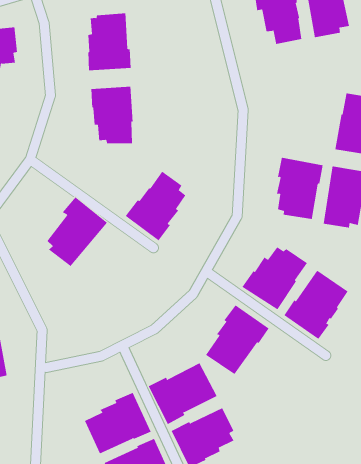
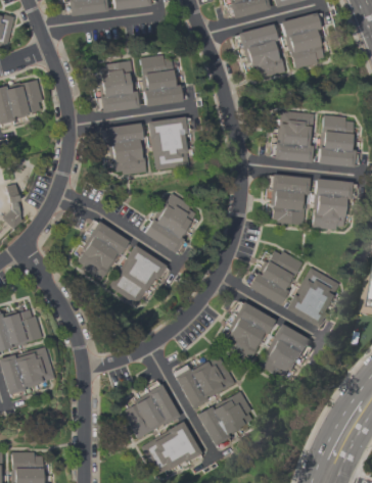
building: none -> [141,53,183,106]
building: none -> [148,116,188,170]
building: none -> [275,110,316,162]
building: none -> [109,245,166,304]
building: none -> [258,324,313,379]

